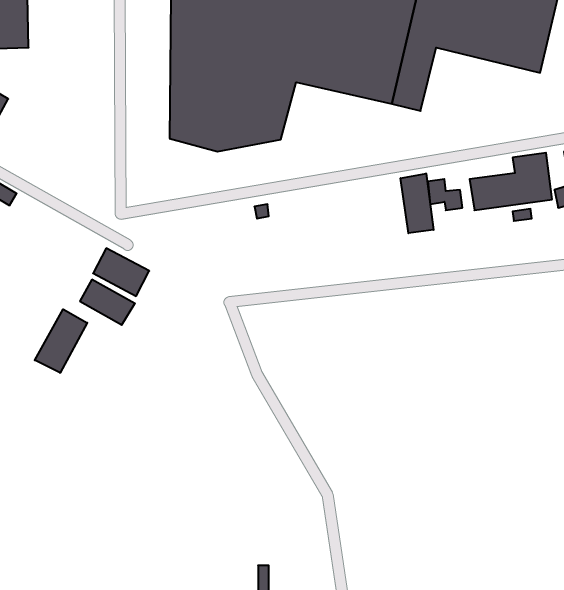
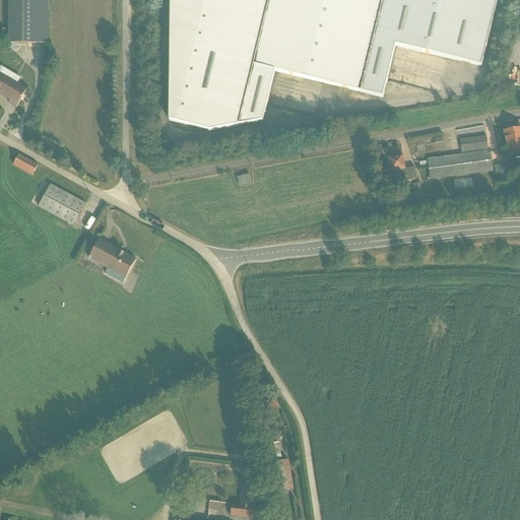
building: [401,173,434,233] -> none
building: [93,248,149,296] -> [37,183,84,223]
building: [35,309,87,373] -> none

